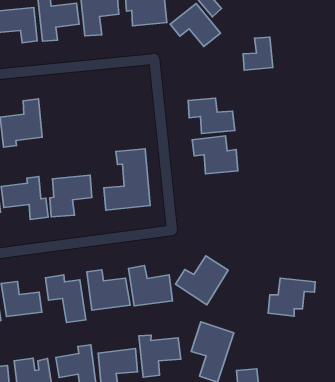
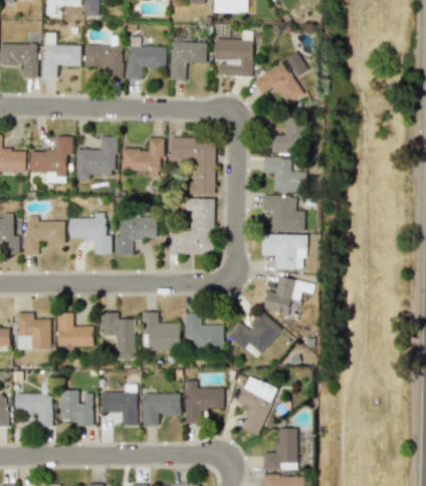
building: [243,37,273,70] -> [269,120,298,152]
building: none -> [170,137,215,194]
building: none -> [121,137,163,177]
building: none -> [260,233,304,269]
building: [268,278,315,316] -> [262,275,312,314]

